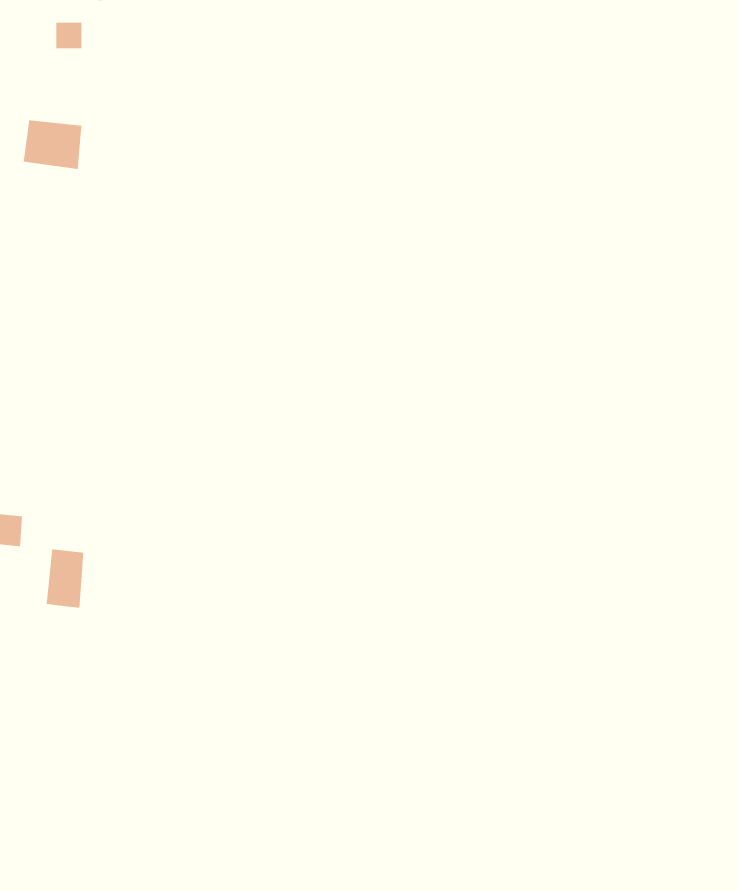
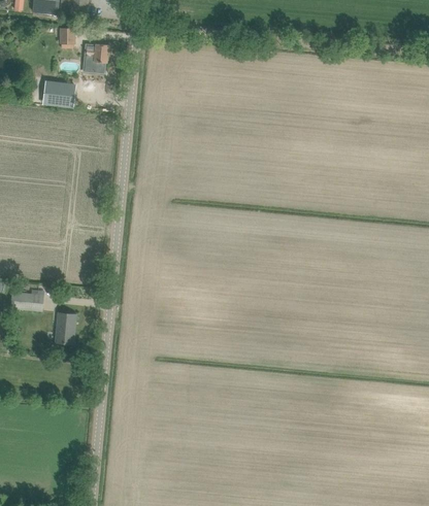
building: none -> [85,42,108,70]

